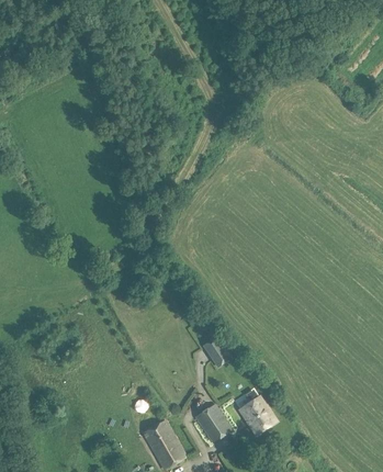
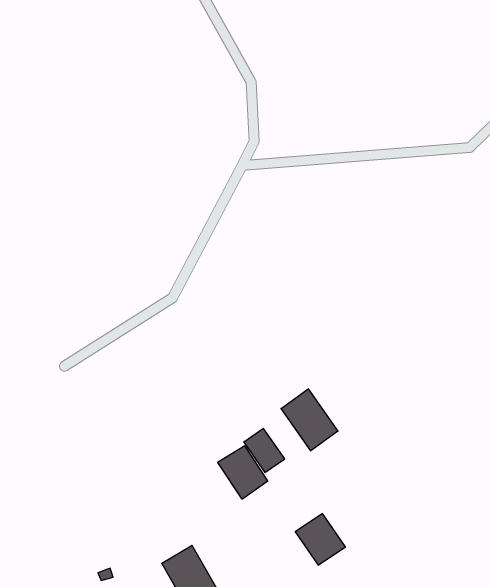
building: none -> [281,389,338,451]
building: [195,404,232,442] -> [218,446,268,499]

